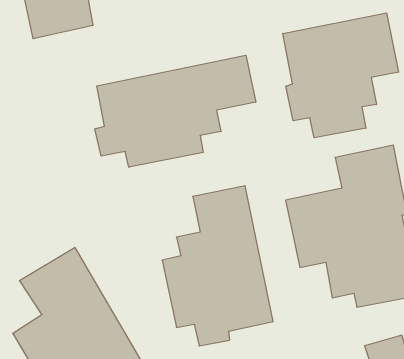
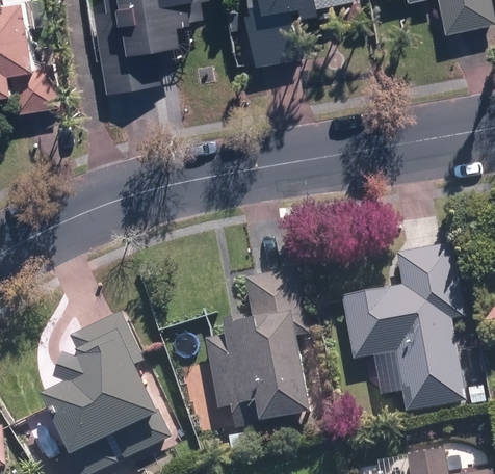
building: [283,13,398,138] -> none
building: [95,55,256,167] -> none

